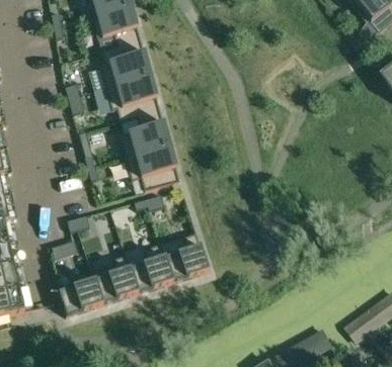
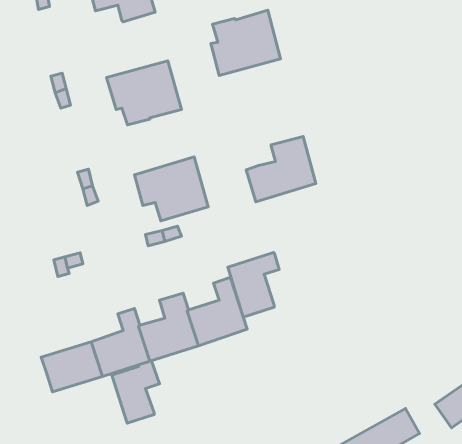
building: [100,40,151,88] -> [211,10,280,76]
building: [120,111,170,159] -> [246,136,316,202]
building: none -> [228,252,279,317]
building: none -> [112,361,159,423]

